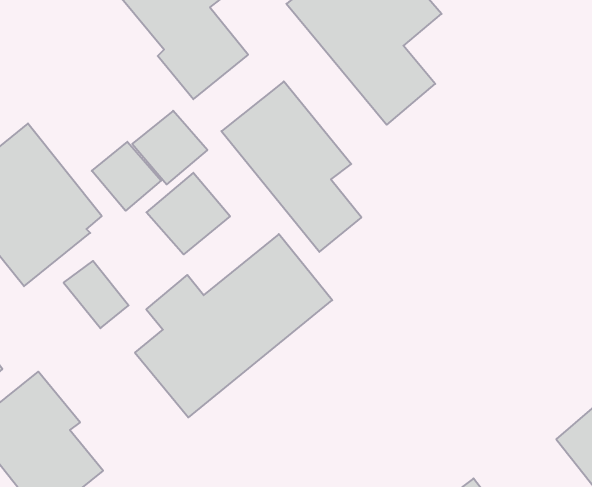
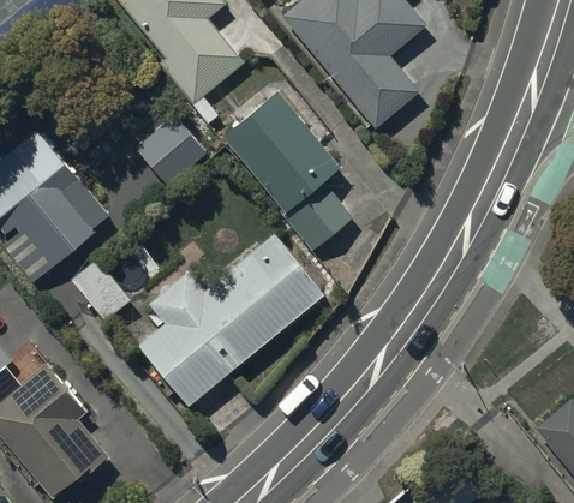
building: [92,142,161,211] -> none
building: [146,173,230,254] -> none

